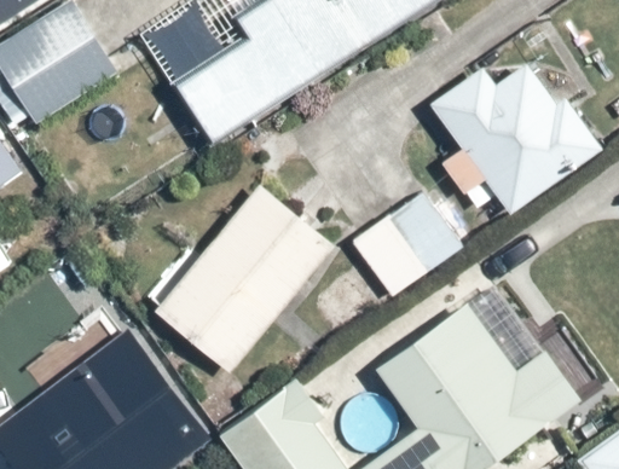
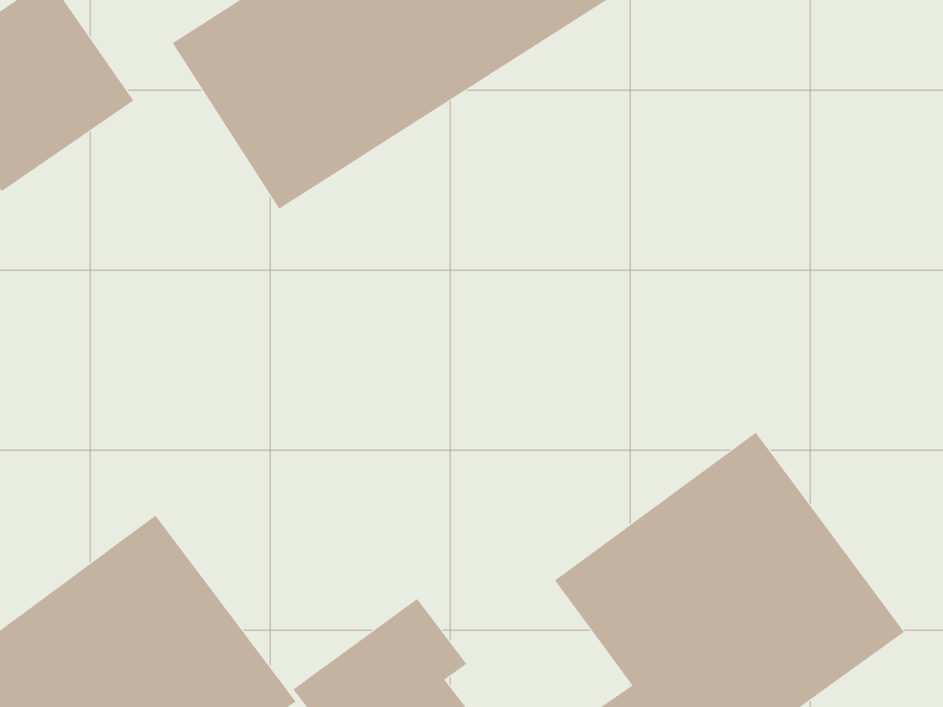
building: [432,64,598,213] -> none
building: [150,183,332,372] -> none
building: [352,186,464,295] -> none

